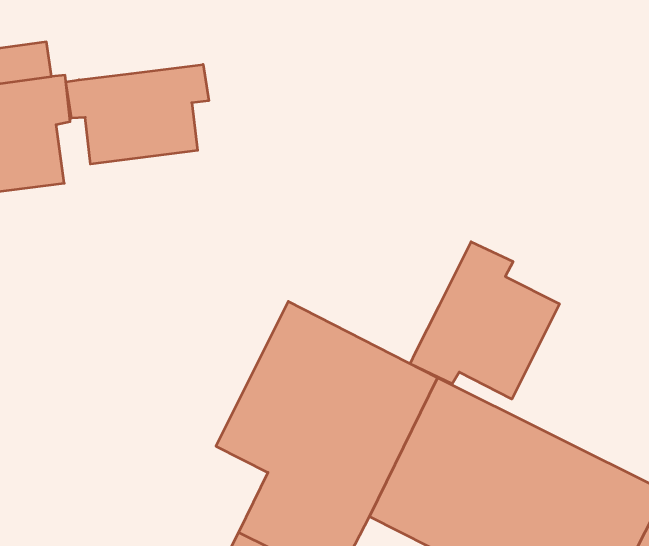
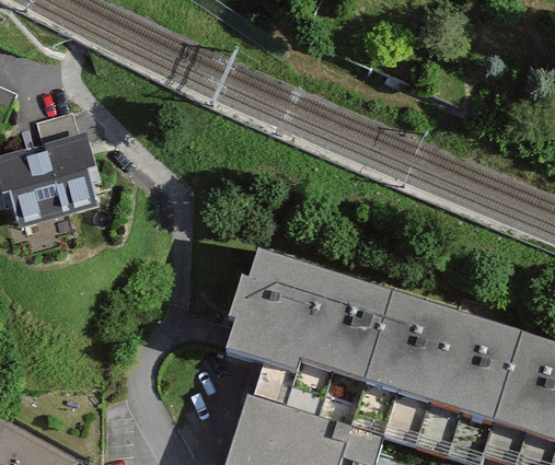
building: [66,64,209,164] -> none
building: [410,242,559,399] -> none

